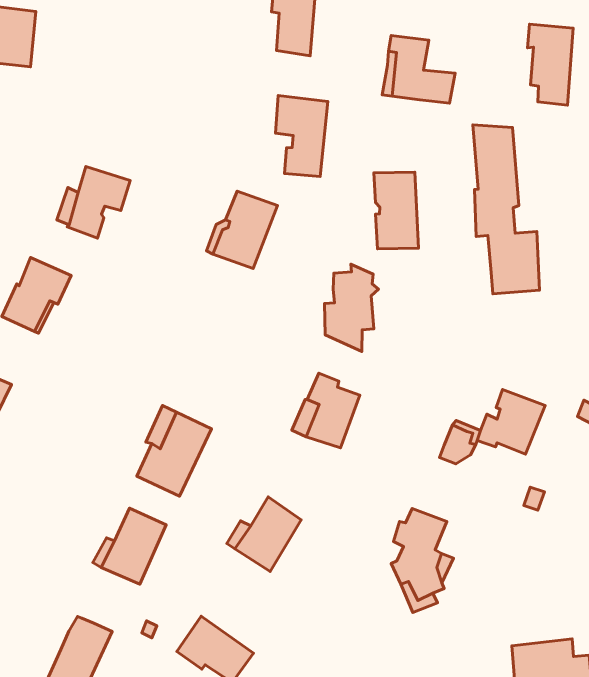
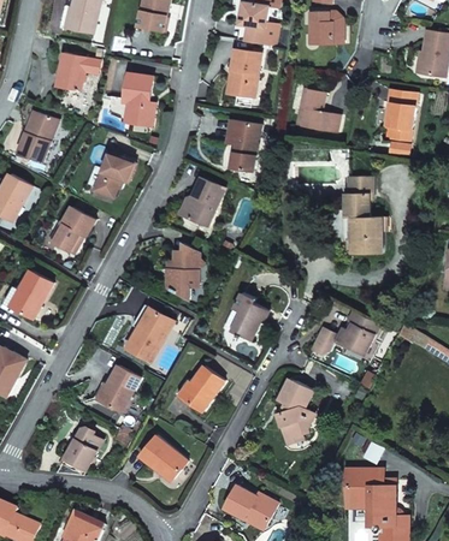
building: none -> [110,73,155,125]
building: [374,172,418,249] -> none
building: [325,264,378,351] -> [166,246,201,301]

